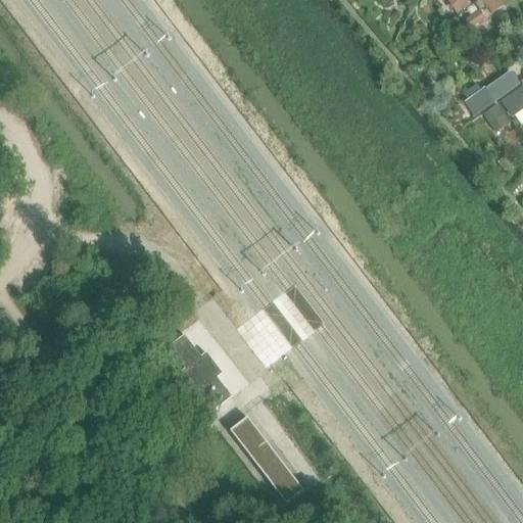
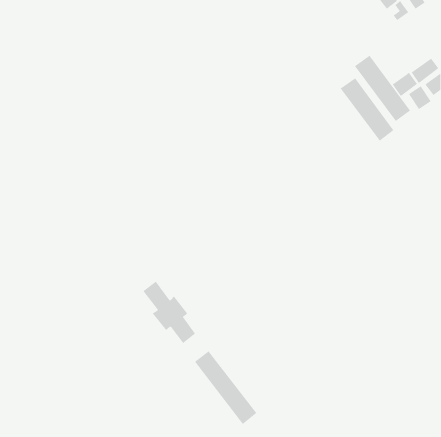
building: none -> [354,55,411,122]
building: none -> [340,77,394,141]

